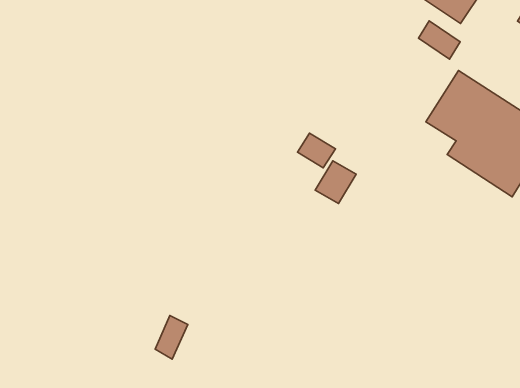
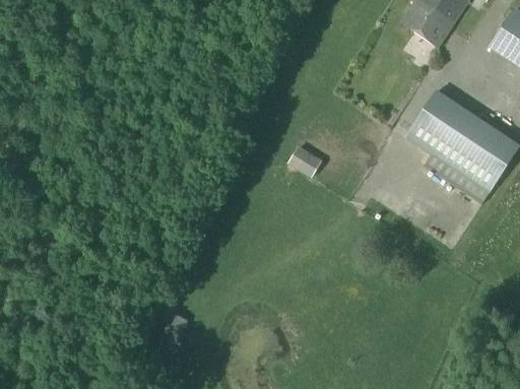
building: [418,21,460,59] -> none
building: [315,161,356,204] -> none

